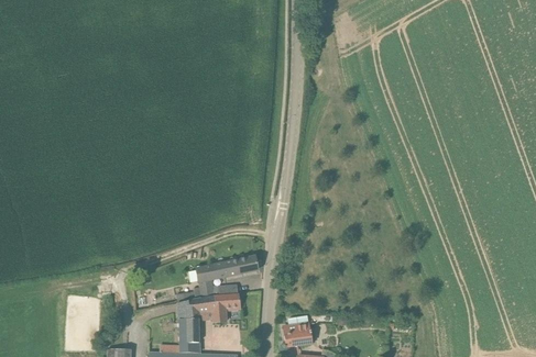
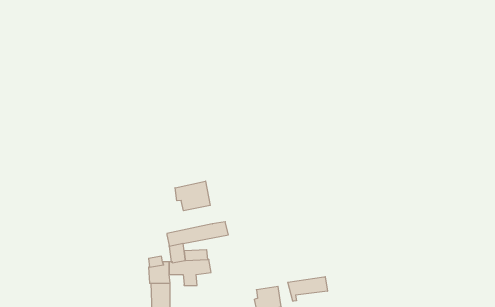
building: none -> [175,181,210,211]
building: none -> [288,277,327,301]

